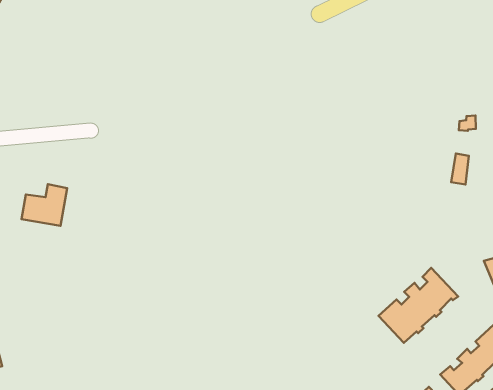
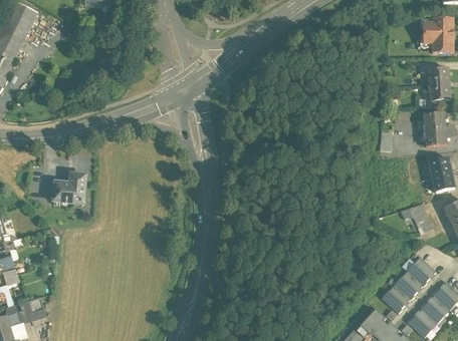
building: [379,268,458,343] -> none

